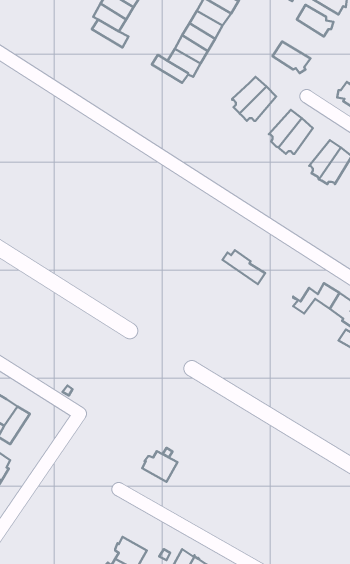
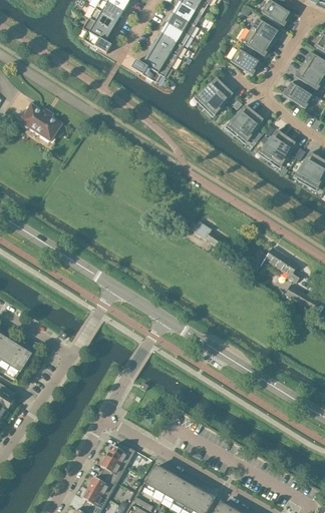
building: none -> [242,30,272,56]
building: none -> [20,104,61,140]
building: [142,451,177,482] -> [106,441,135,466]

